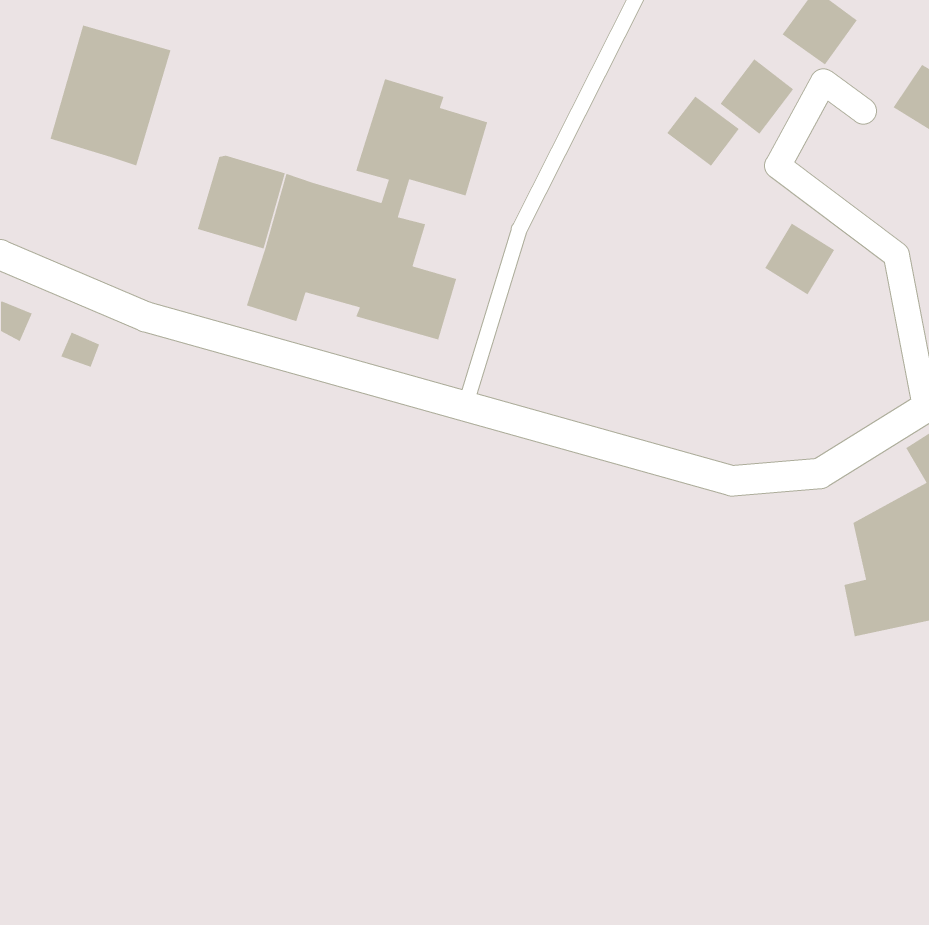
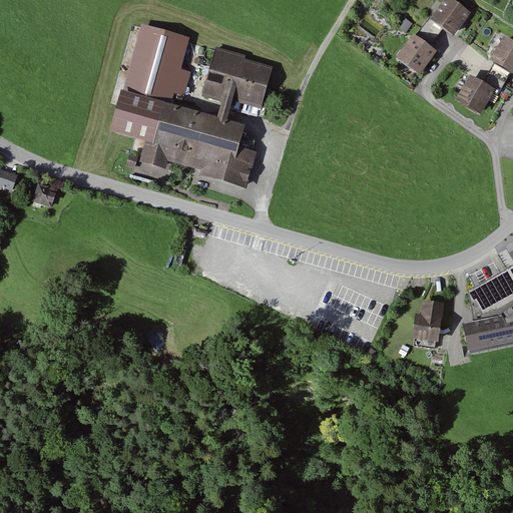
building: [50,24,172,166] -> [125,22,192,100]
building: [666,95,740,167] -> none
building: [764,223,835,295] -> [457,74,496,114]
building: none -> [413,298,445,346]

